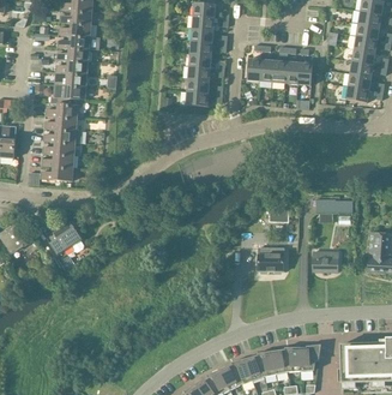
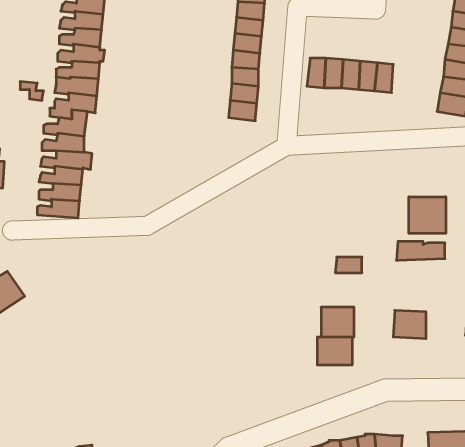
building: none -> [409,197,446,233]
building: [50,221,84,255] -> none
building: none -> [317,337,352,365]

